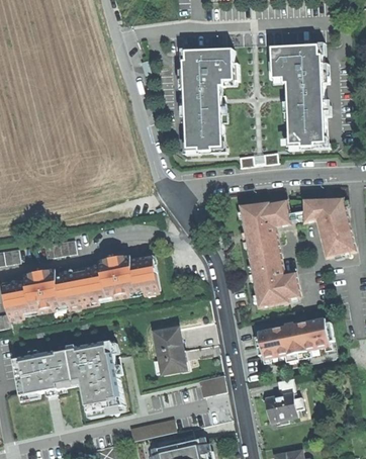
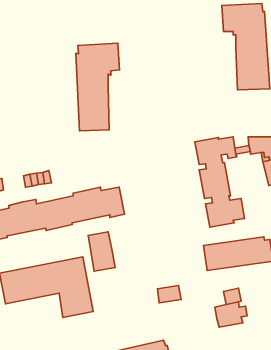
building: [183,50,234,152] -> [76,43,119,131]
building: [154,329,185,374] -> [88,232,115,271]
building: [126,416,175,440] -> none

